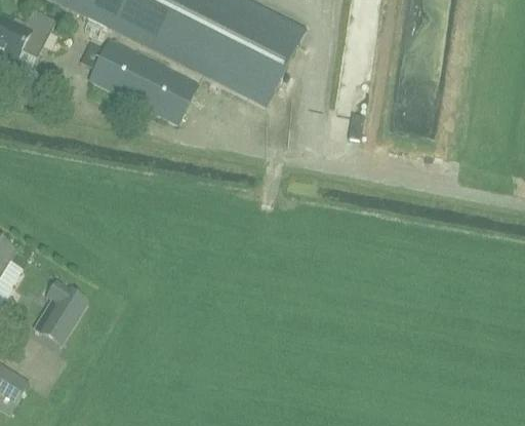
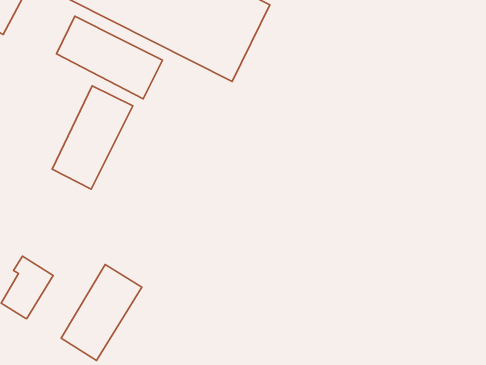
building: none -> [52,86,133,189]
building: none -> [61,264,142,360]

